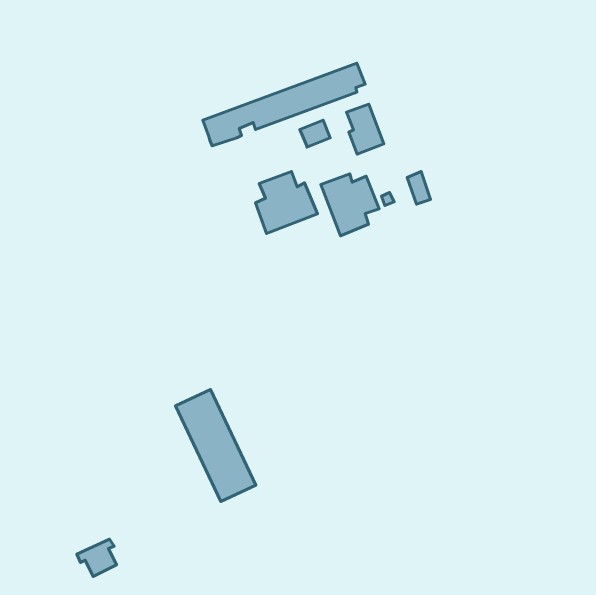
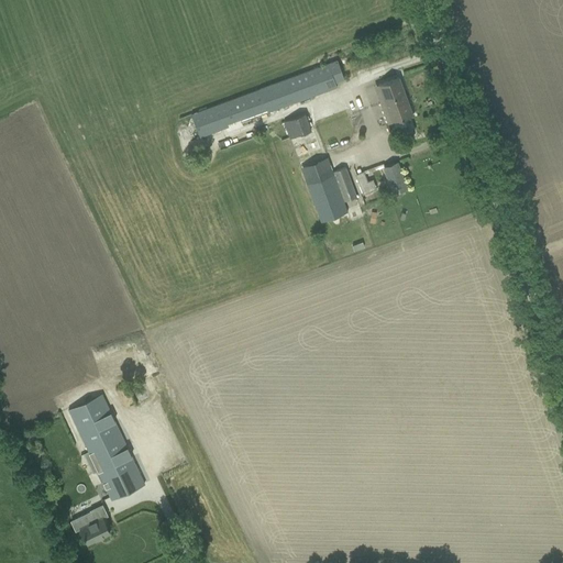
building: [347,104,384,154] -> [378,78,413,125]
building: [255,171,317,234] -> none
building: [175,389,256,501] -> [68,395,144,500]

